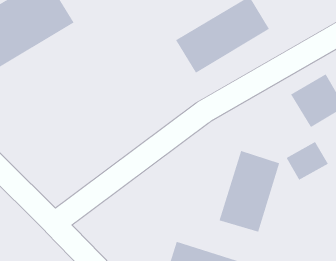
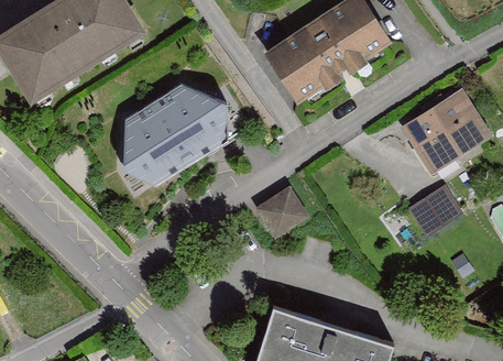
building: none -> [123,84,225,185]
building: none -> [263,190,307,233]
building: [219,150,280,233] -> none

